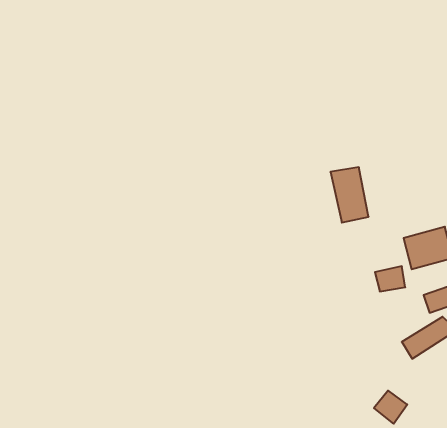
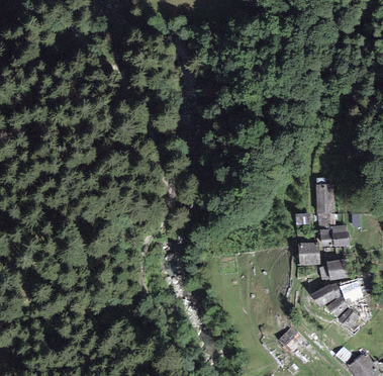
building: [330,167,369,223] -> [316,184,337,218]

